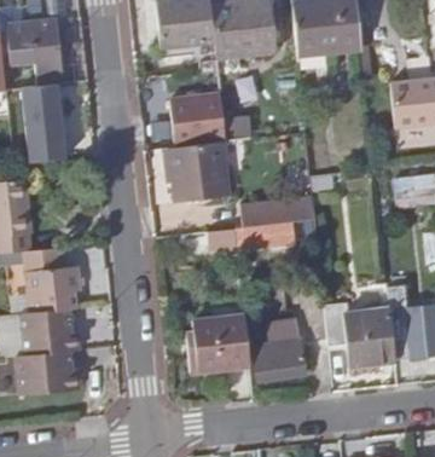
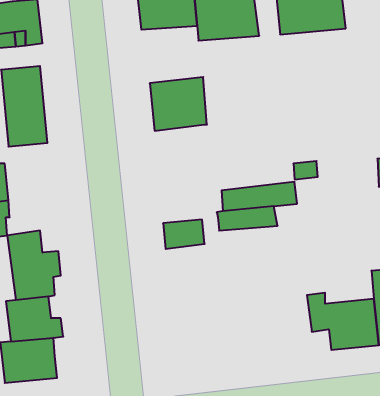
building: [168,141,228,201] -> none
building: [186,316,249,372] -> none
building: [253,339,304,378] -> none

